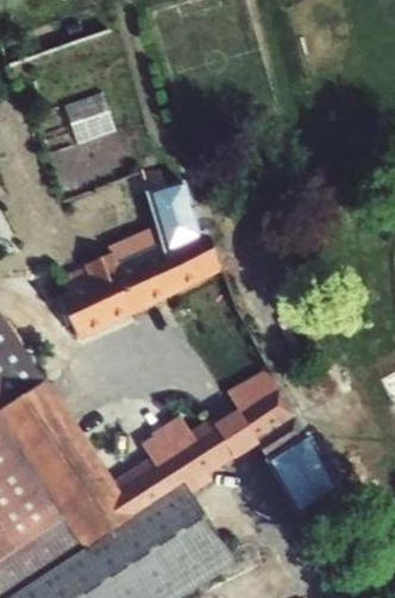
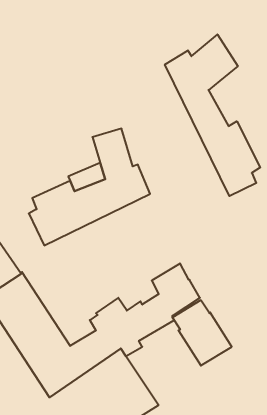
building: none -> [165,34,260,196]
building: [64,93,117,145] -> none

